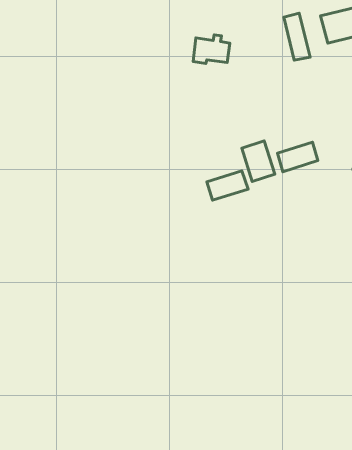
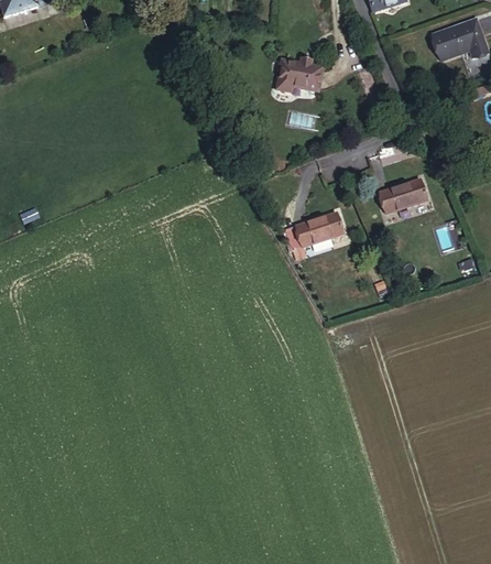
building: [284,13,310,60] -> none
building: [242,141,275,182] -> none

